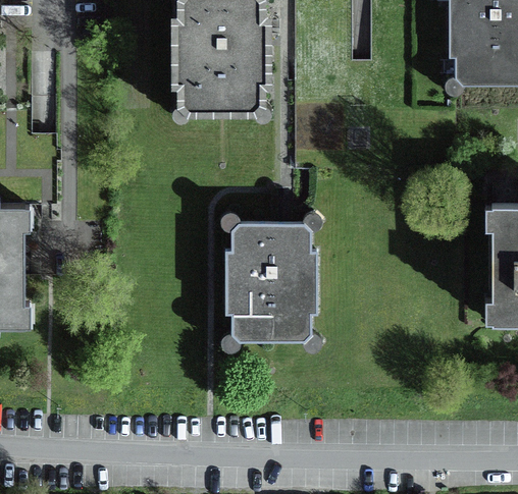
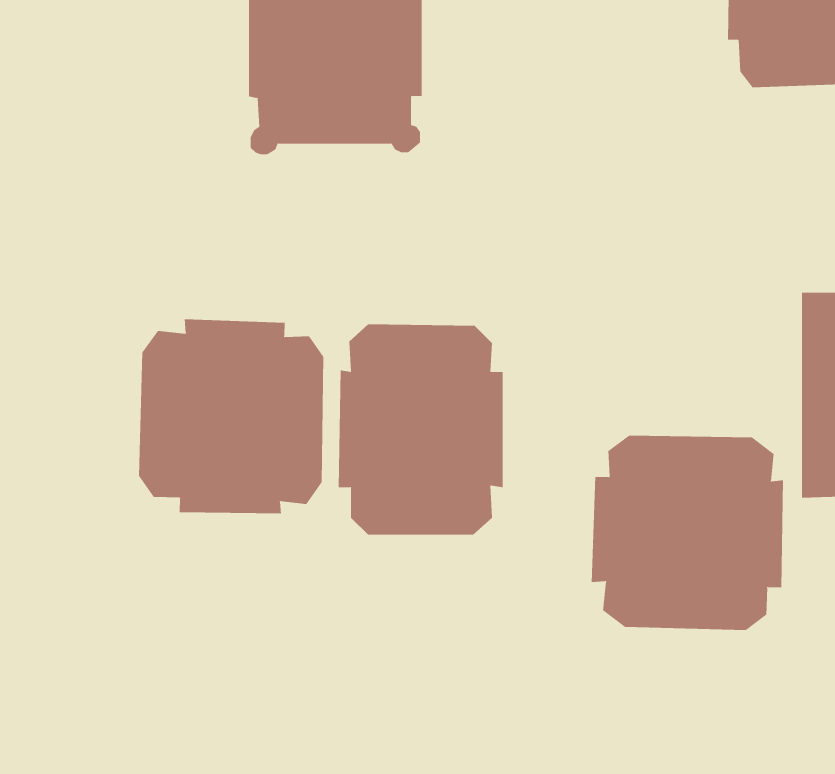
building: none -> [139,319,324,514]
building: none -> [591,435,784,631]

